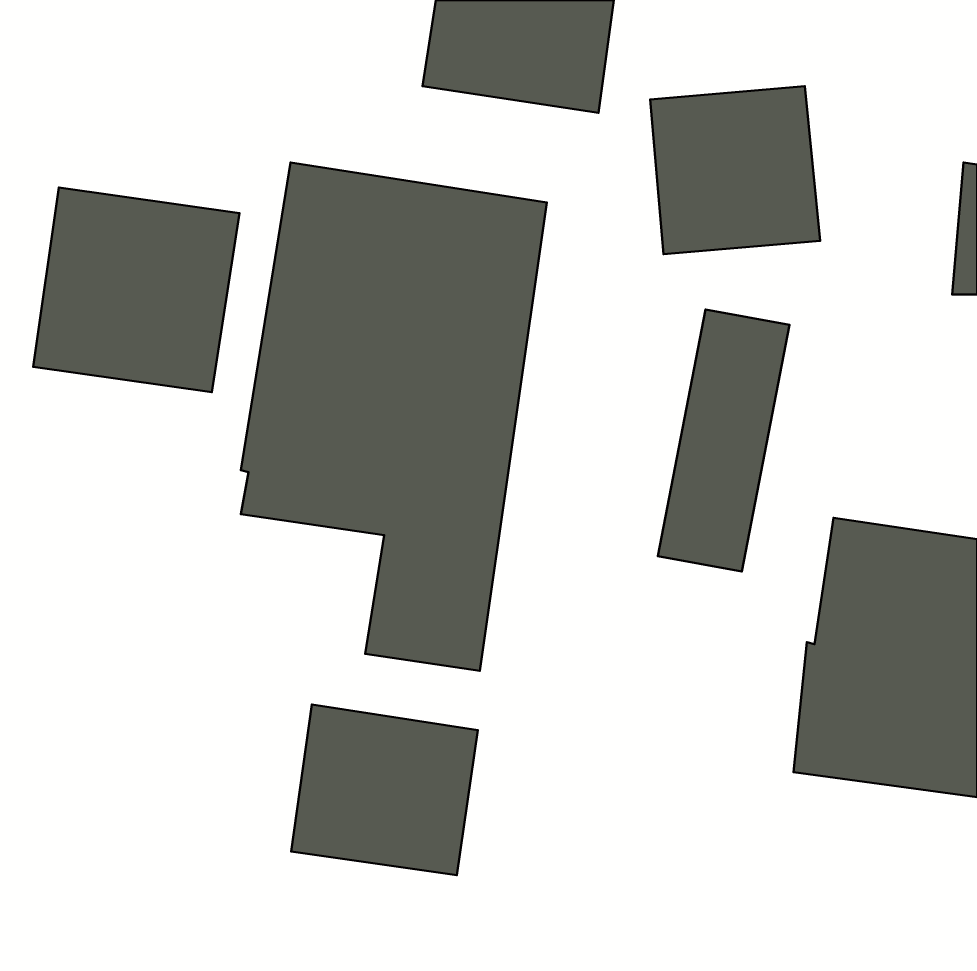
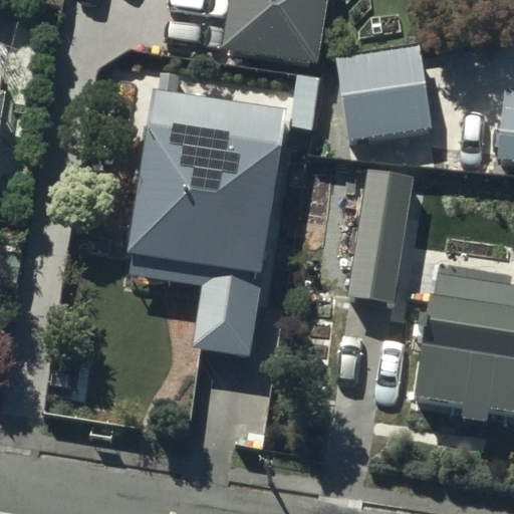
building: [33,187,240,392] -> none
building: [291,705,478,875] -> none

